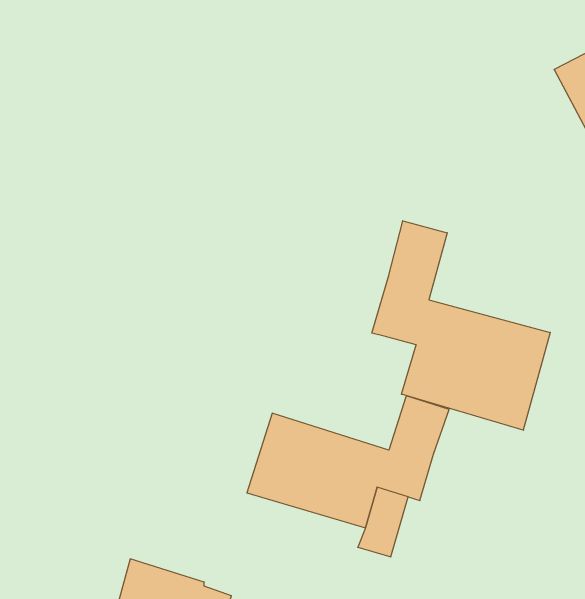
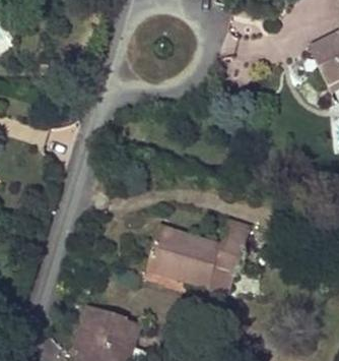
building: [372,221,550,430] -> none

